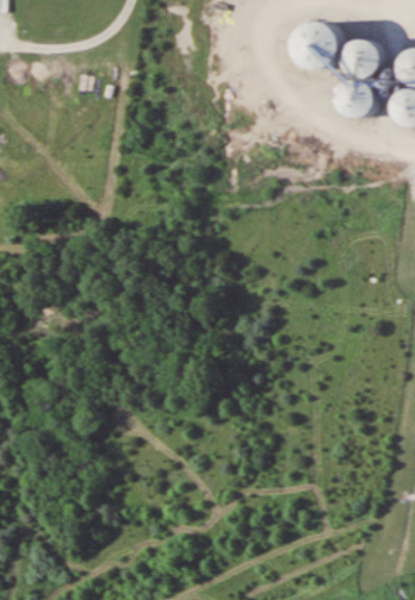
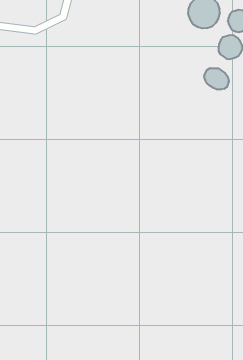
building: none -> [204,68,229,90]

